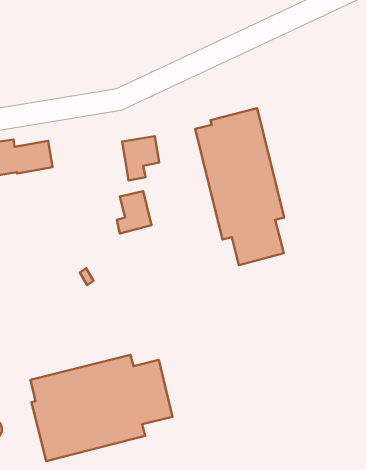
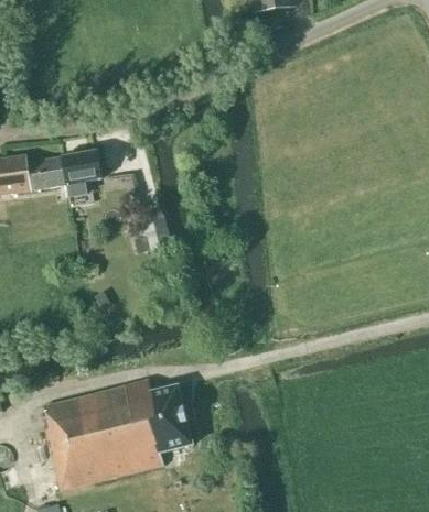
building: [195,108,284,265] -> none
building: [122,136,159,180] -> [62,151,100,197]

